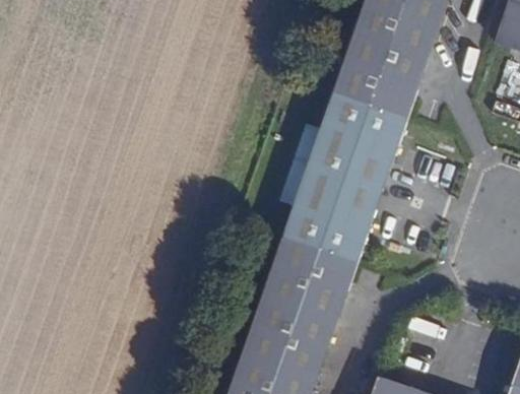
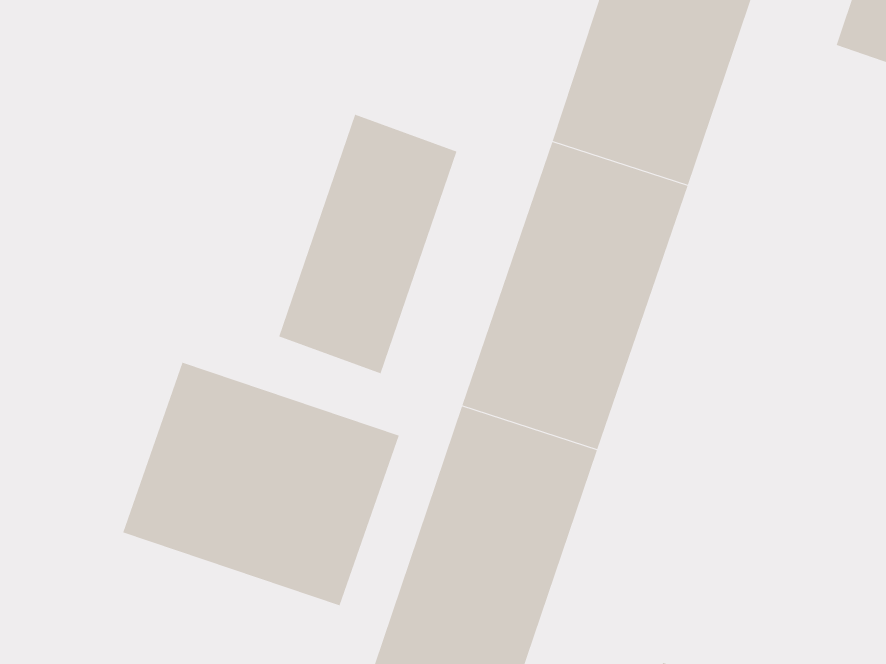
building: none -> [279,114,457,374]
building: none -> [123,362,400,606]

